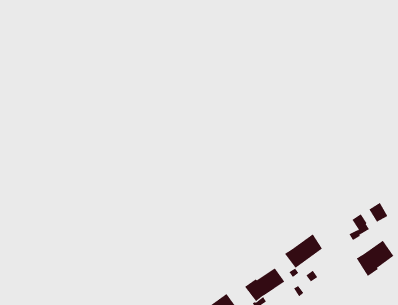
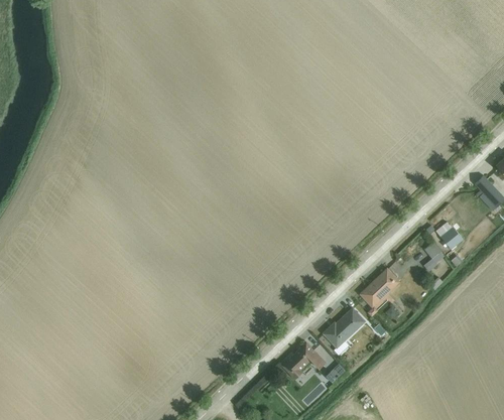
building: [356,240,394,277] -> none

